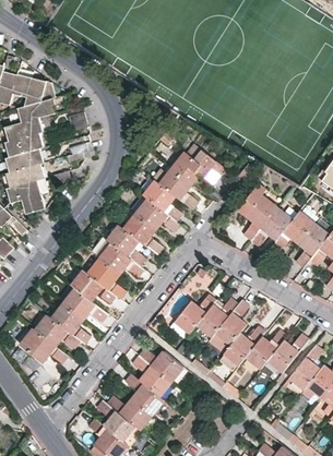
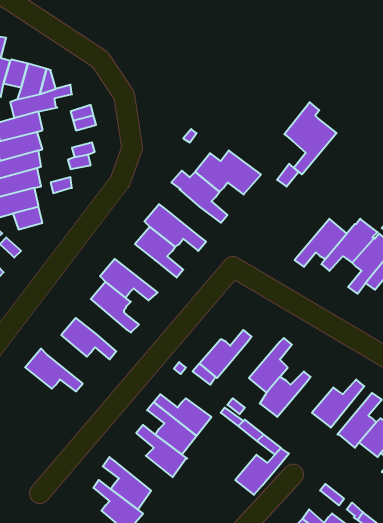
building: [141,179,180,221] -> none
building: [237,181,280,240] -> [284,102,337,174]
building: [105,224,144,266] -> none
building: [68,268,115,303] -> none
building: [49,301,88,344] -> none
building: [194,301,239,340] -> none
building: [20,327,67,362] -> none
building: [243,334,287,372] -> [235,448,289,495]
building: [105,396,152,431] -> none

